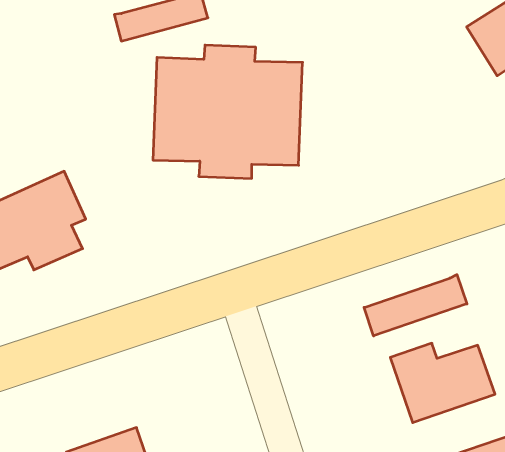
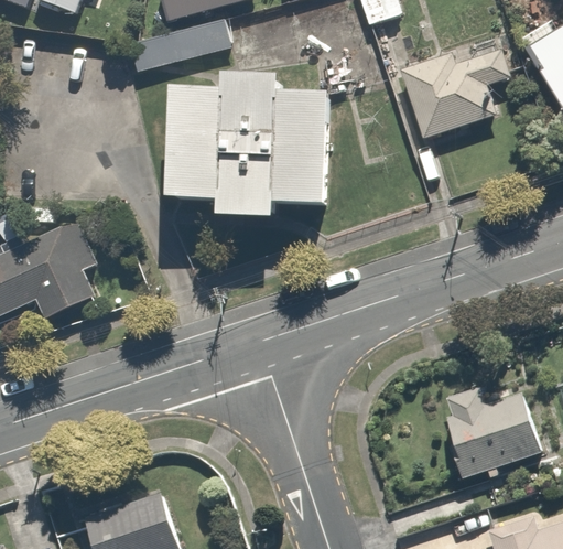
building: none -> [398,39,508,142]
building: [364,275,467,336] -> none

